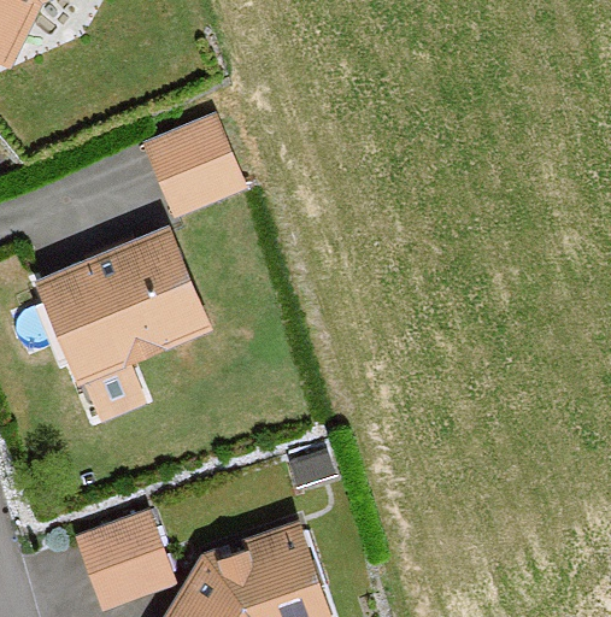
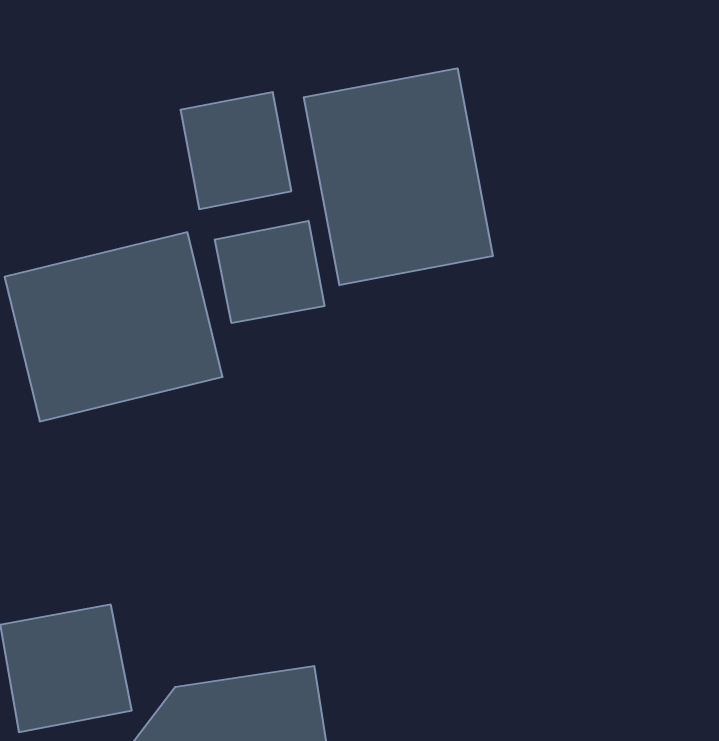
building: none -> [304,68,493,285]
building: none -> [215,221,324,323]

